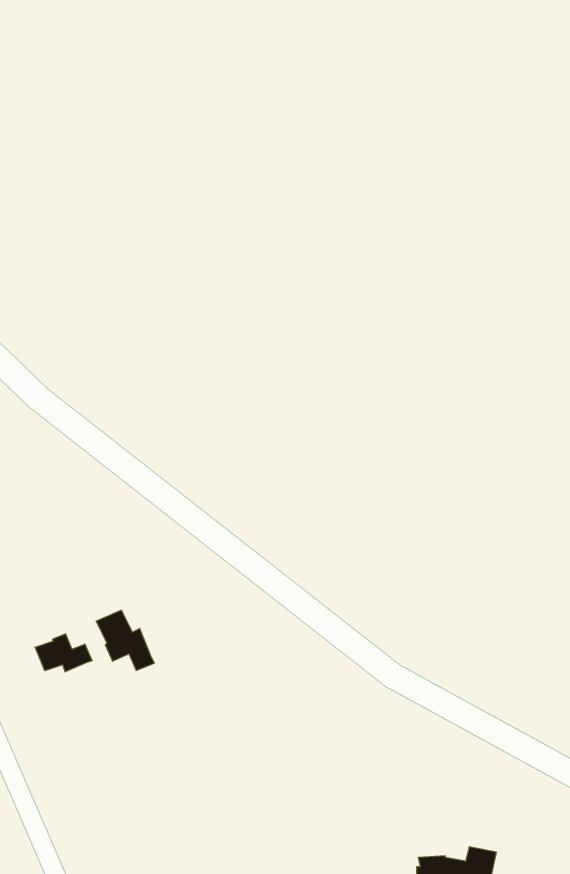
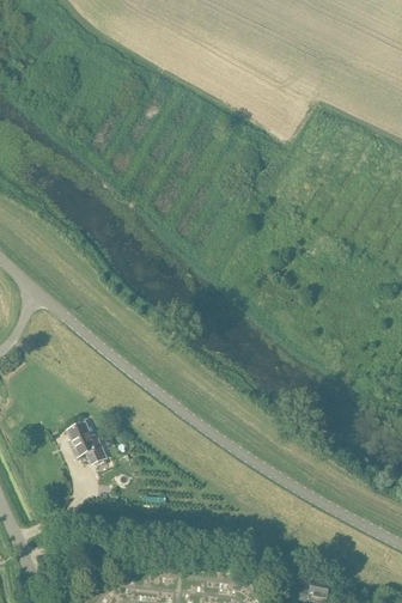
building: [35,634,92,672] -> none

